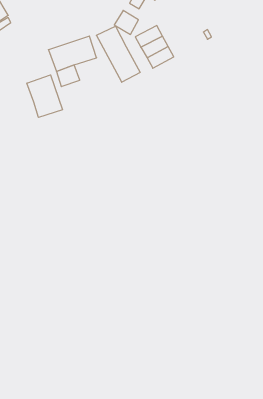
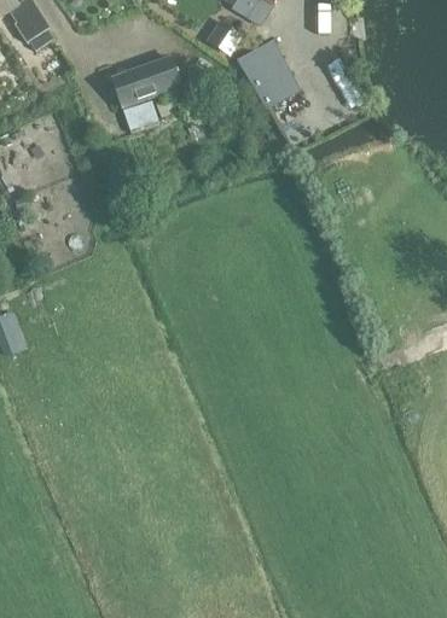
building: [96,26,140,82] -> none
building: [27,75,63,117] -> none

